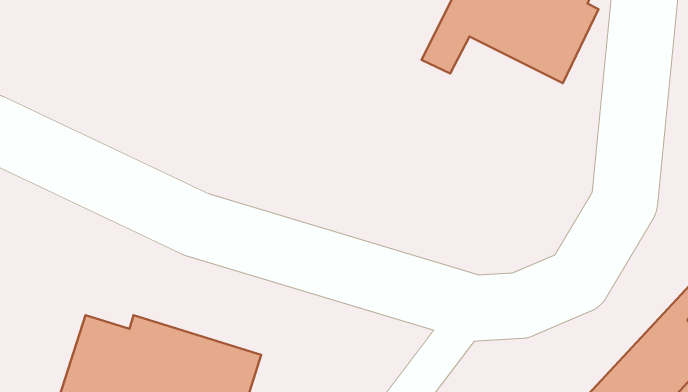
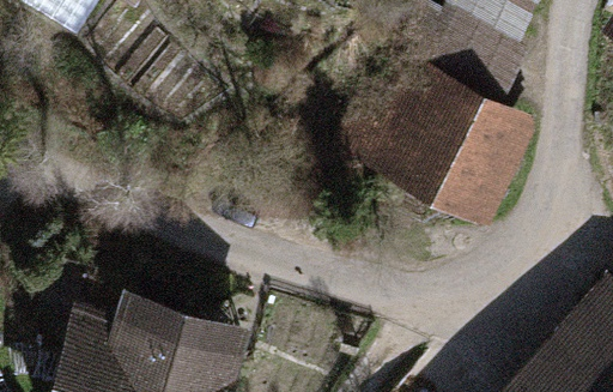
building: none -> [351,64,510,192]

